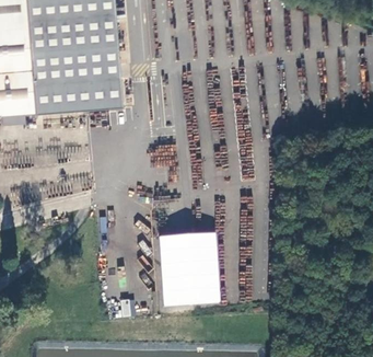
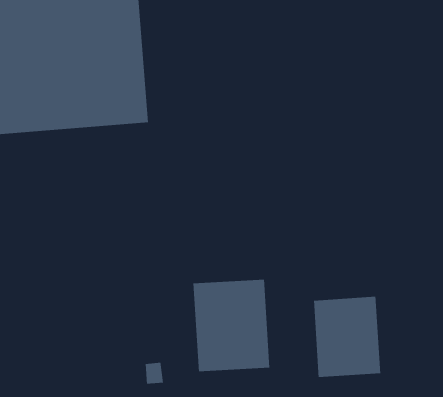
building: none -> [313,296,381,378]

